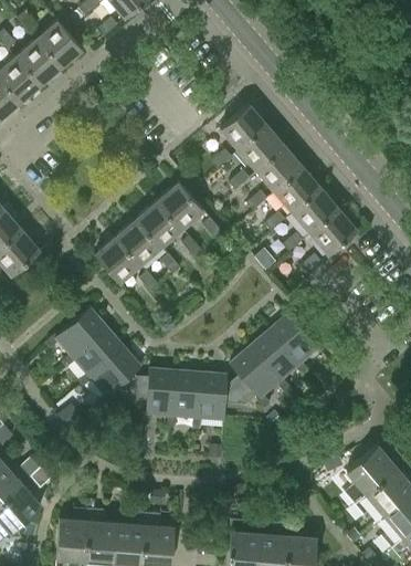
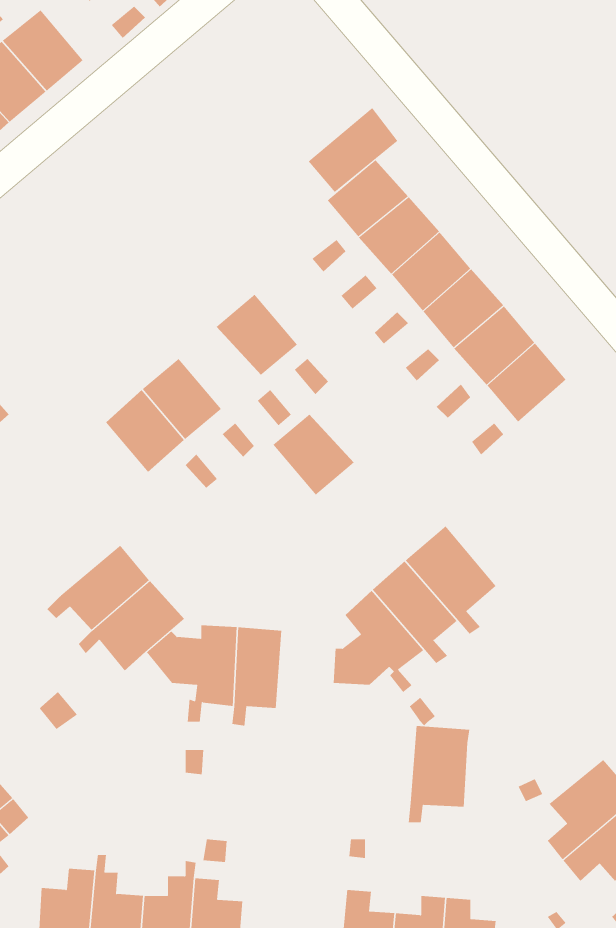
building: none -> [308,107,398,193]
building: [137,200,183,247] -> [273,414,354,496]
building: [45,308,104,353] -> none
building: [191,373,226,428] -> [408,725,470,823]

